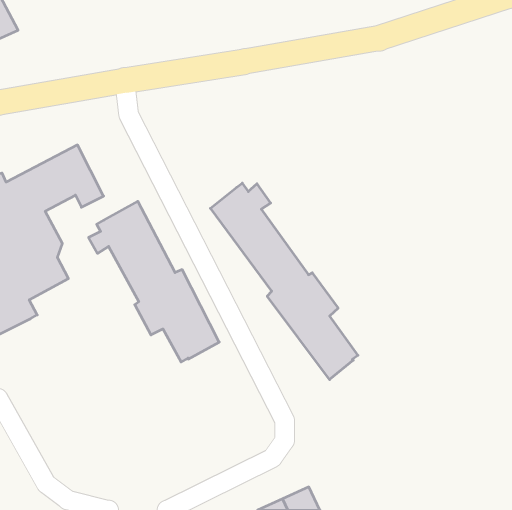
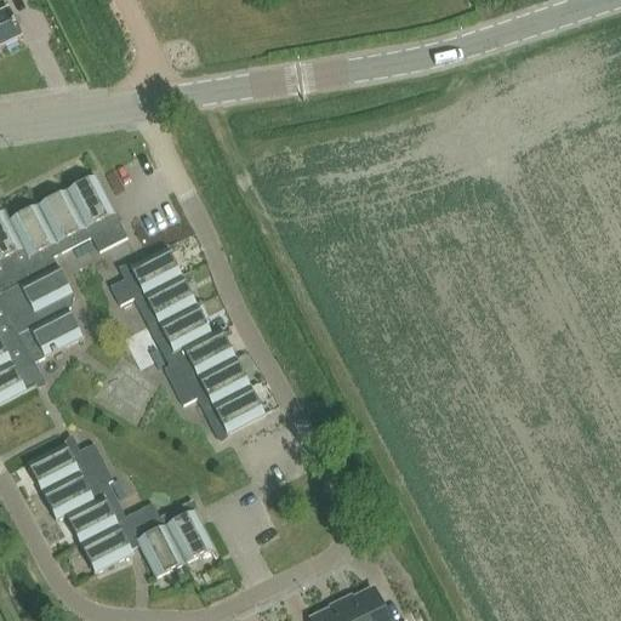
building: [210,183,358,380] -> none
building: none -> [24,437,213,579]

